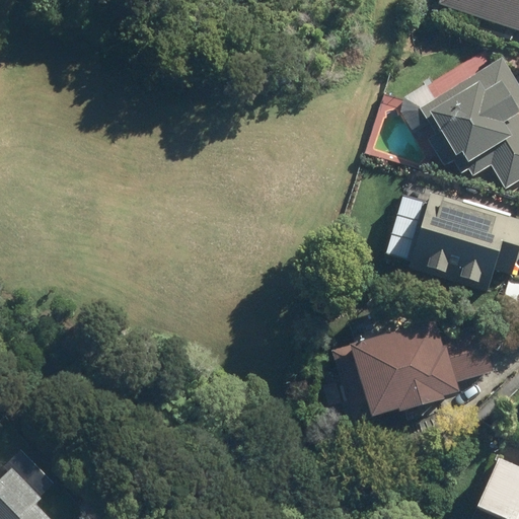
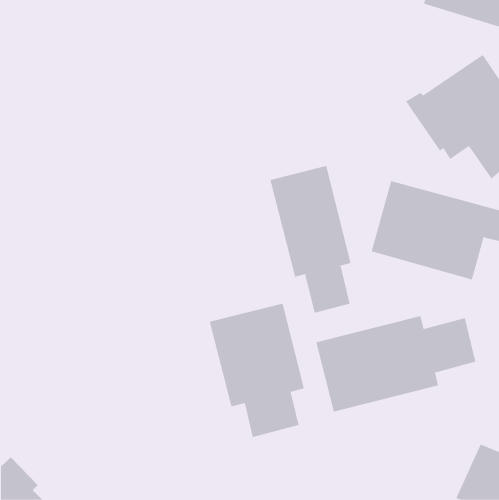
building: none -> [270,165,351,314]
building: none -> [209,303,305,438]

